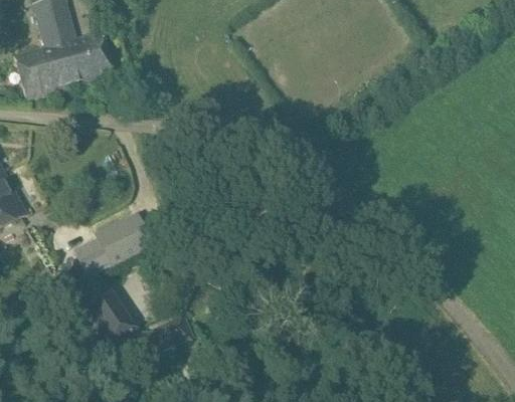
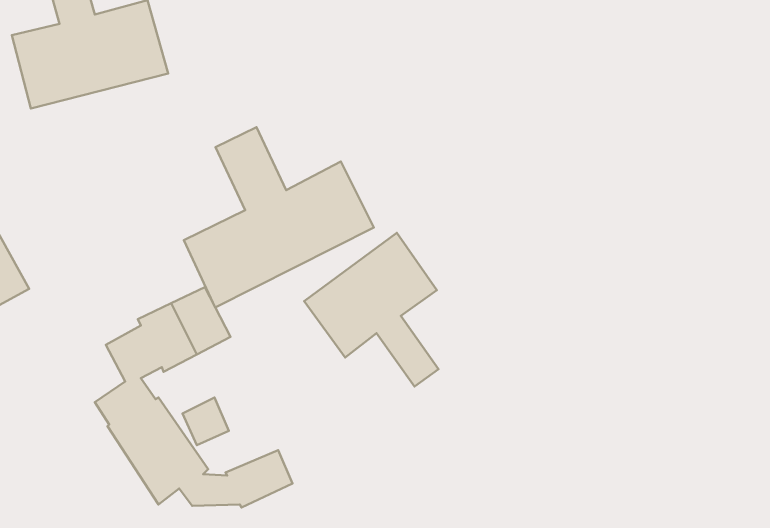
building: none -> [184,127,374,308]
building: none -> [304,233,438,386]

